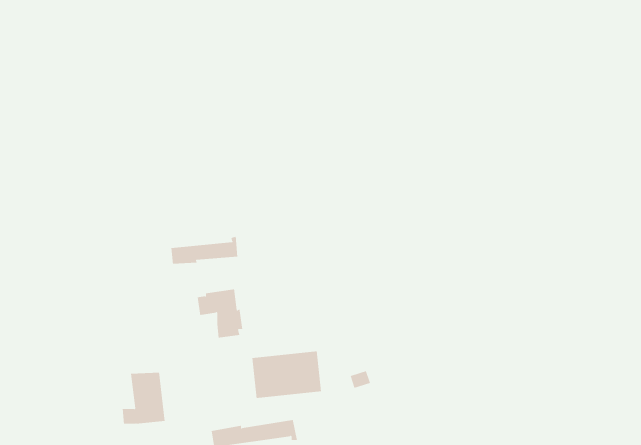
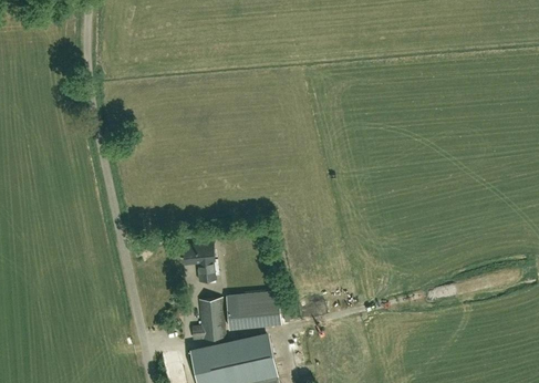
building: [171,236,238,264] -> none
building: [122,372,165,424] -> [190,294,225,335]

